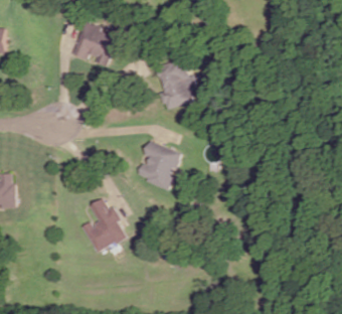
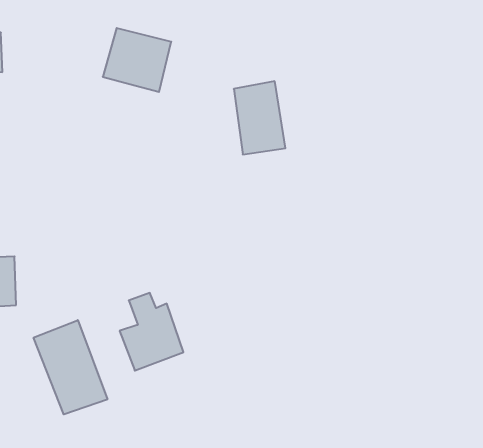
building: [137,142,180,188] -> none
building: none -> [34,320,107,414]

